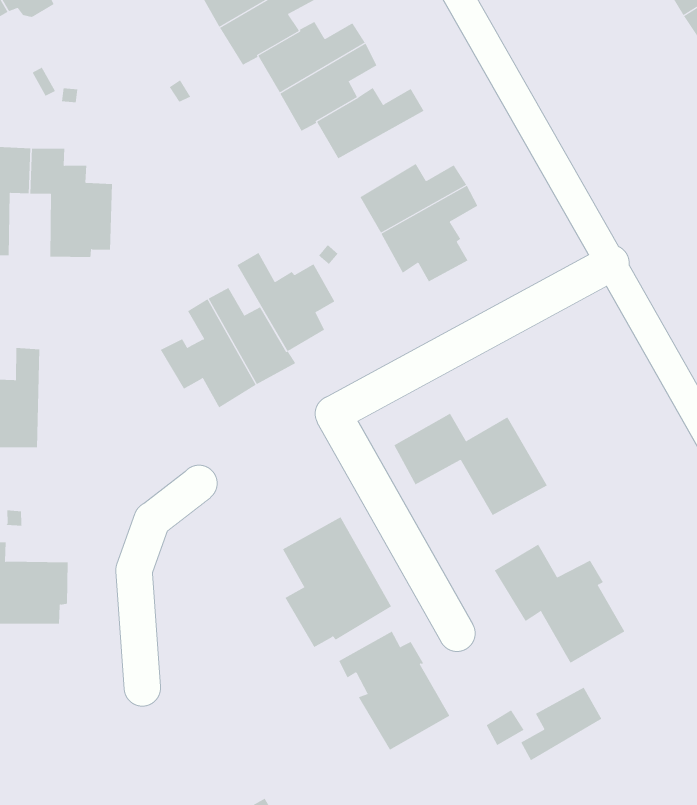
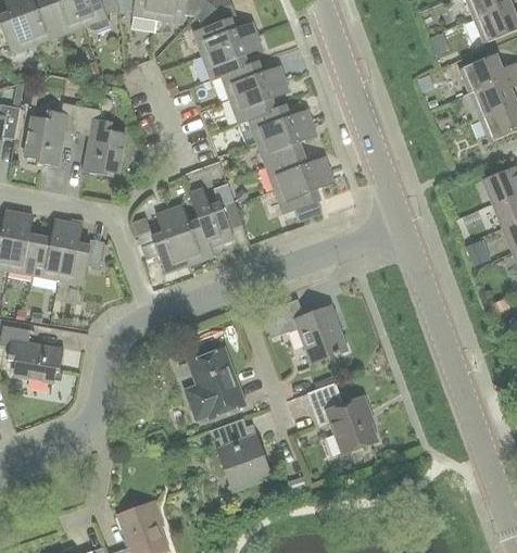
building: none -> [257,122,316,165]
building: none -> [58,222,104,282]
building: [521,687,602,761] -> none

